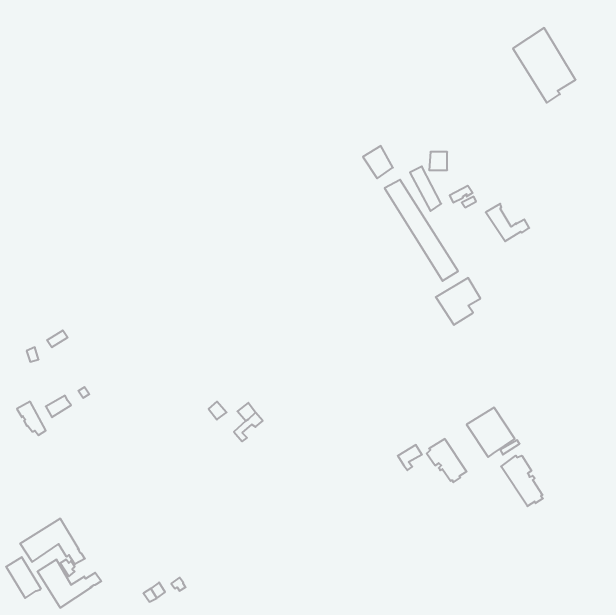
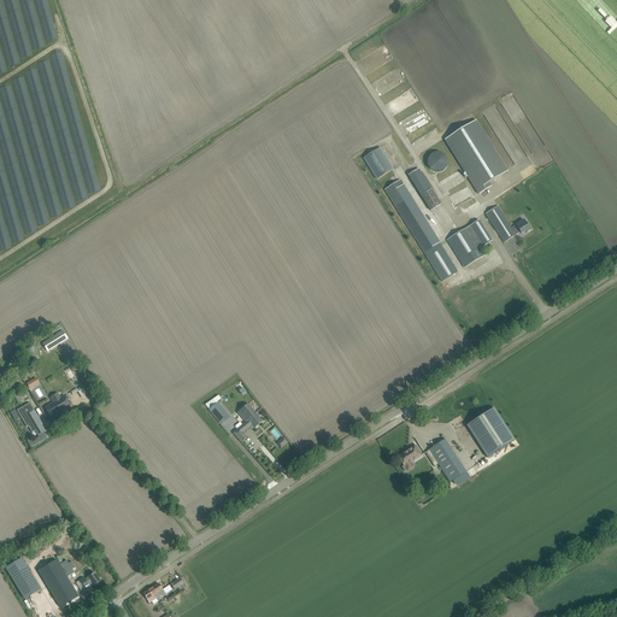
building: [513,28,576,103] -> [445,118,507,193]
building: [436,278,480,325] -> [447,219,492,266]
building: [501,456,543,506] -> none
building: [20,518,85,564] -> none

